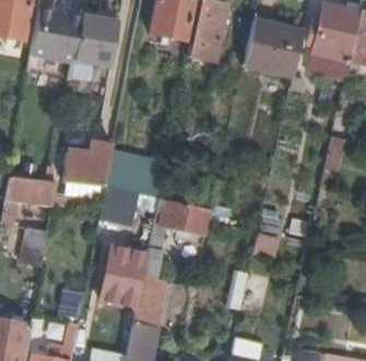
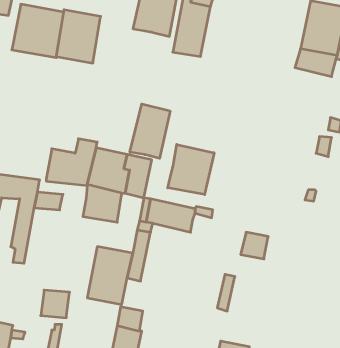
building: [244,21,303,75] -> none
building: none -> [130,104,170,158]
building: none -> [168,144,214,195]

